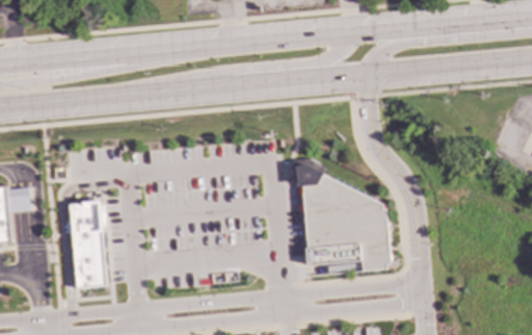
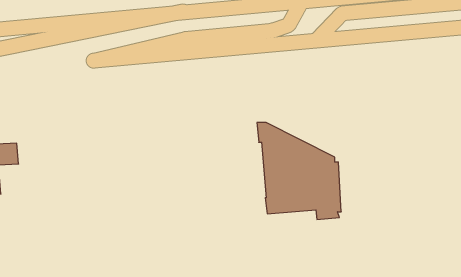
building: [69,199,107,287] -> none

